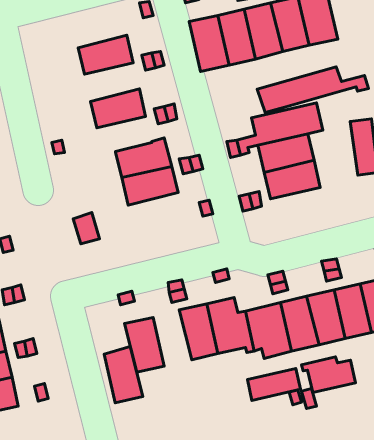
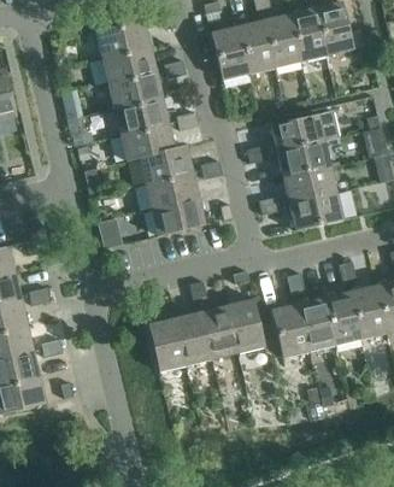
building: none -> [95,18,149,57]
building: none -> [108,71,161,108]
building: [257,67,368,112] -> none
building: none -> [120,123,174,160]
building: none -> [288,192,342,230]
building: none -> [151,196,205,235]
building: [104,347,143,403] -> [175,310,212,364]
building: [302,357,356,393] -> none
building: [247,368,300,400] -> none

